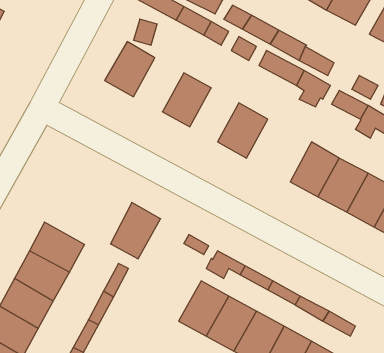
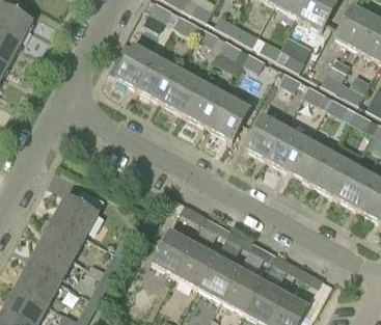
building: none -> [139,57,181,102]
building: none -> [186,82,226,127]
building: none -> [245,114,287,160]
building: [110,202,161,259] -> [154,228,195,275]

